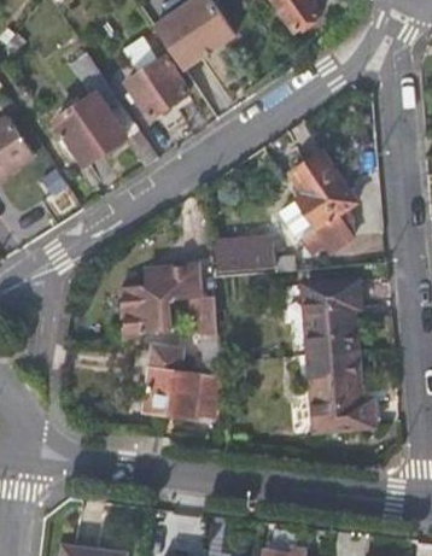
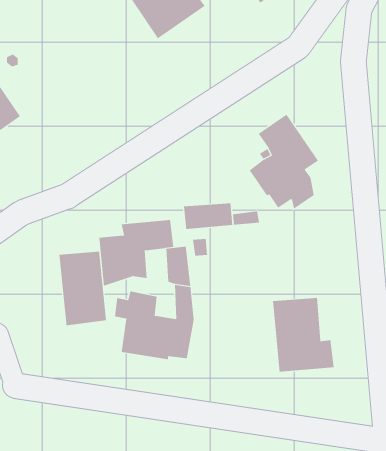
building: [54,52,140,166] -> none
building: [125,57,194,118] -> none
building: [302,281,364,353] -> none
building: none -> [59,251,107,326]

